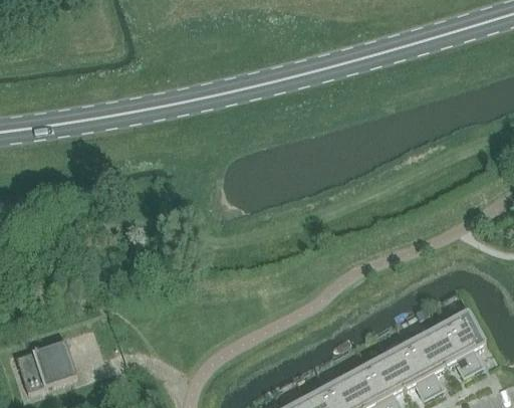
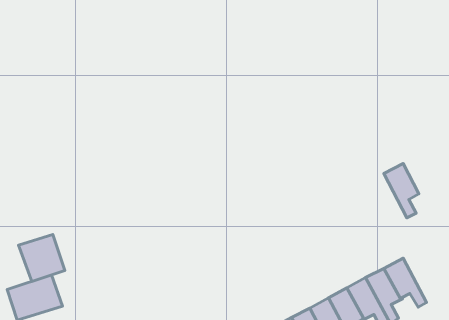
building: none -> [19,234,65,281]
building: [446,312,484,371] -> [384,163,419,218]

